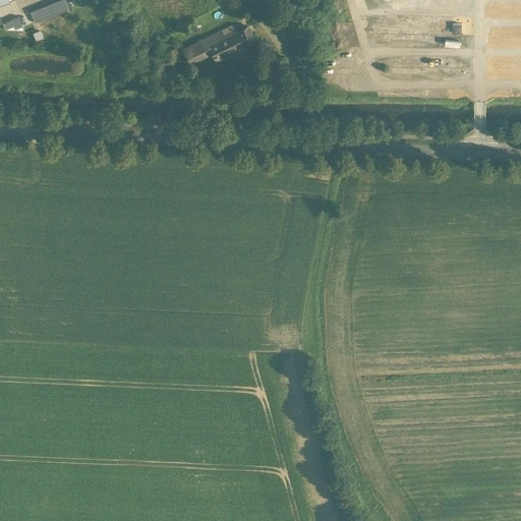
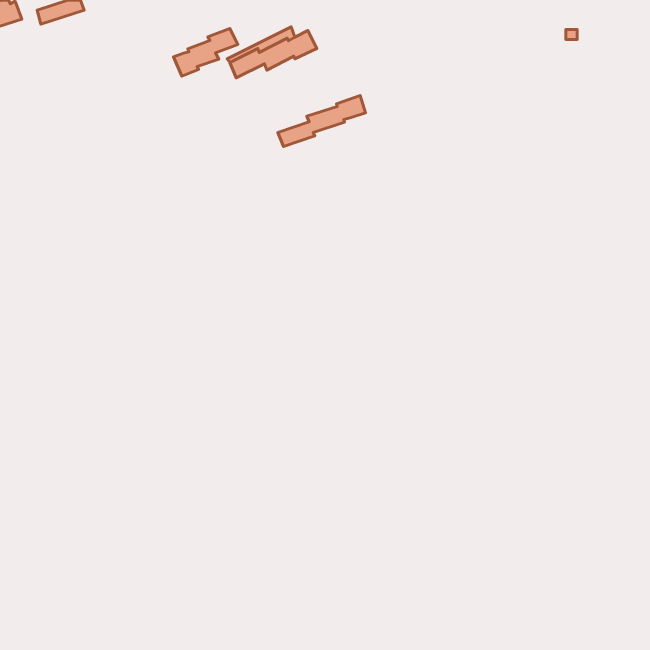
building: none -> [173,29,238,76]
building: none -> [278,95,366,146]

